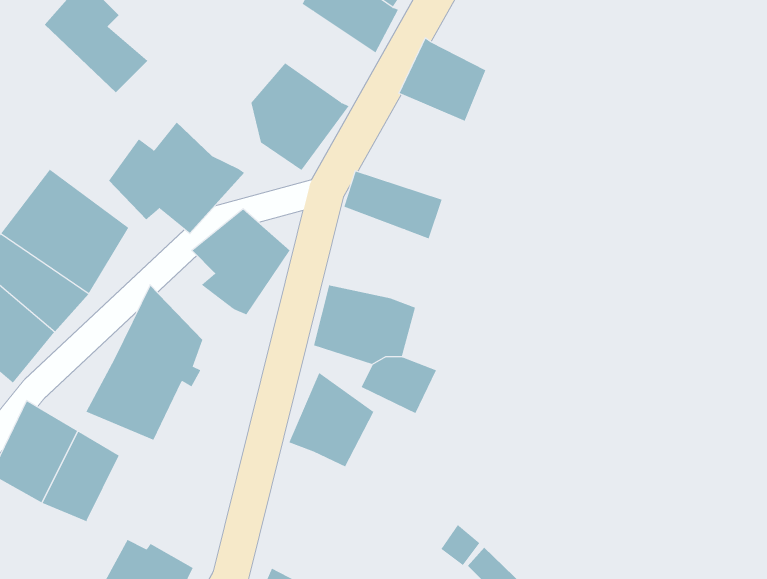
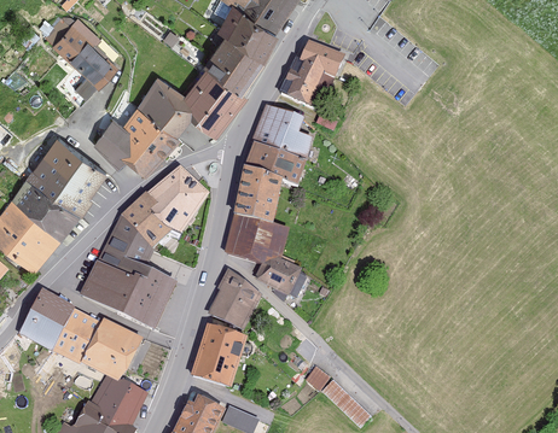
building: none -> [202,39,263,96]
building: none -> [298,39,344,76]
building: none -> [136,77,190,139]
building: none -> [250,103,313,158]
building: none -> [233,163,281,221]
building: none -> [120,191,173,247]
building: none -> [122,267,176,328]
building: none -> [80,316,143,380]
building: none -> [190,322,246,386]

